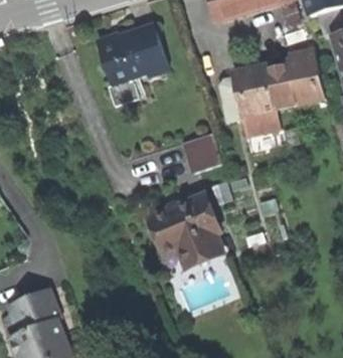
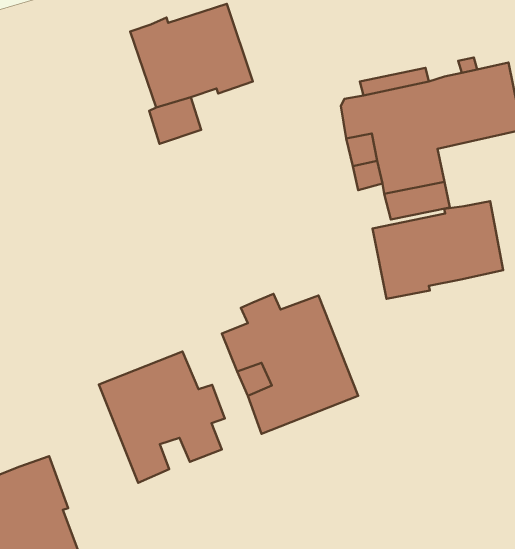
building: [182,133,220,172] -> none
building: none -> [373,201,503,299]
building: none -> [99,351,225,483]

